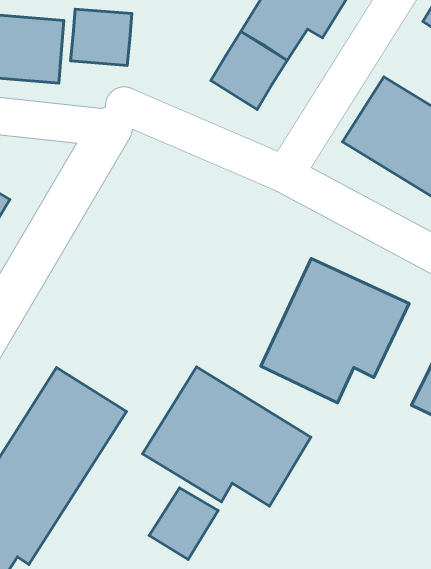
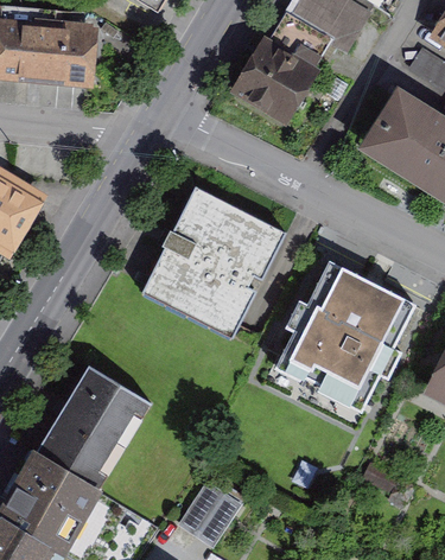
building: [71,9,132,65] -> none
building: none -> [145,189,285,335]
building: [142,367,311,506] -> none

